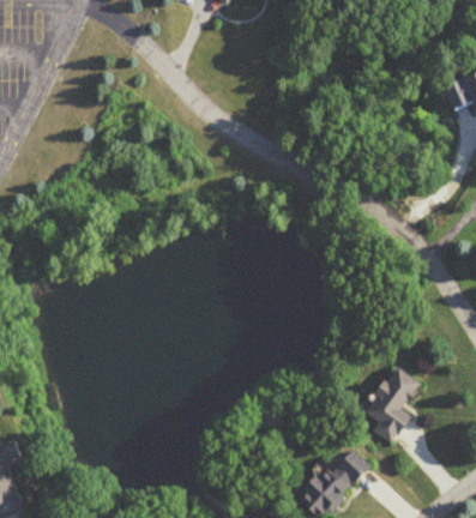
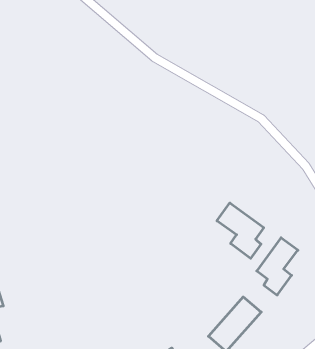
building: none -> [217,203,264,258]

